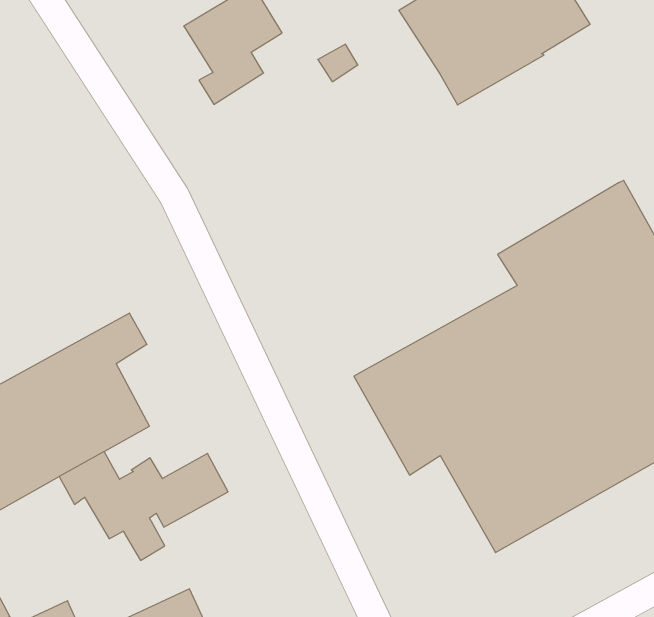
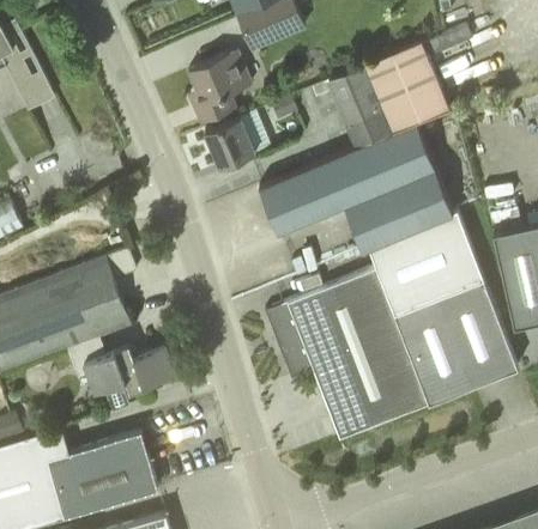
building: none -> [259,124,452,250]
building: none -> [204,118,254,169]

